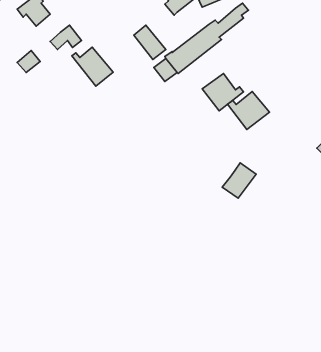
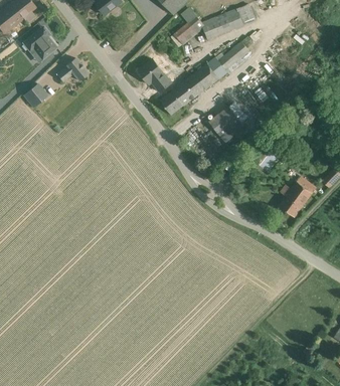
building: [72,47,113,86] -> none
building: [228,92,269,130] -> none
building: [222,163,256,198] -> [279,182,313,217]

